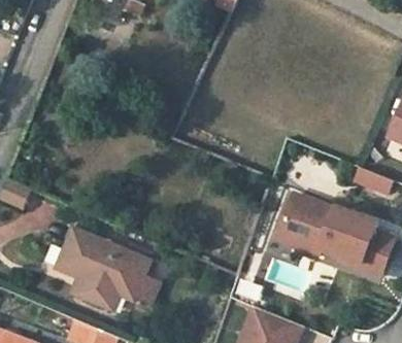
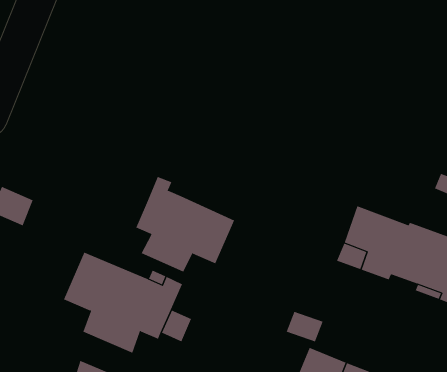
building: none -> [135,176,235,272]

